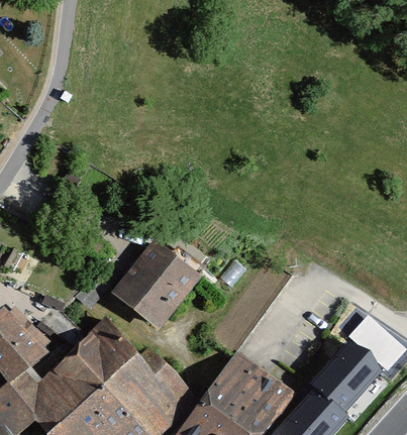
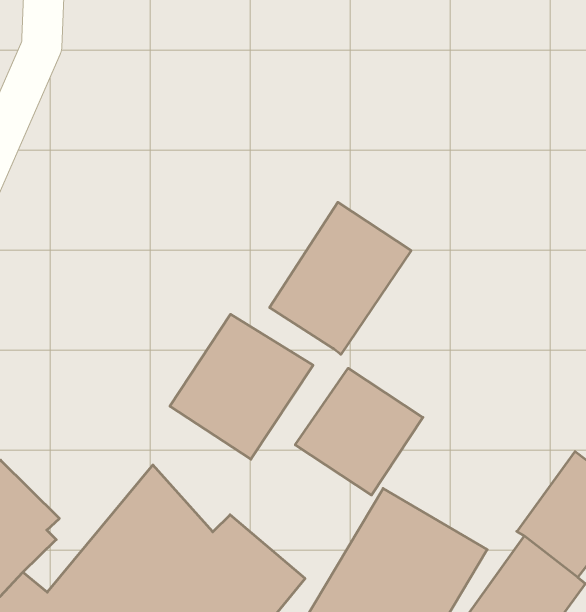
building: none -> [270,202,411,354]
building: none -> [295,368,423,495]

